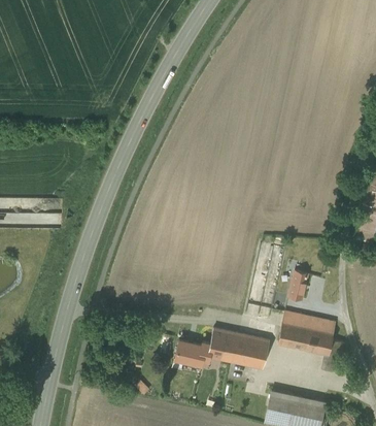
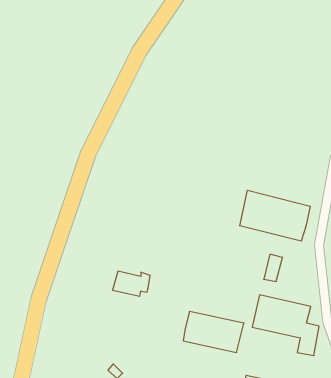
building: none -> [240,190,310,241]
building: [174,340,211,365] -> [113,271,150,296]

